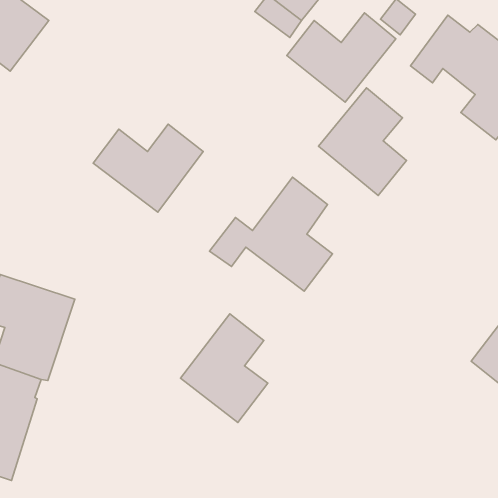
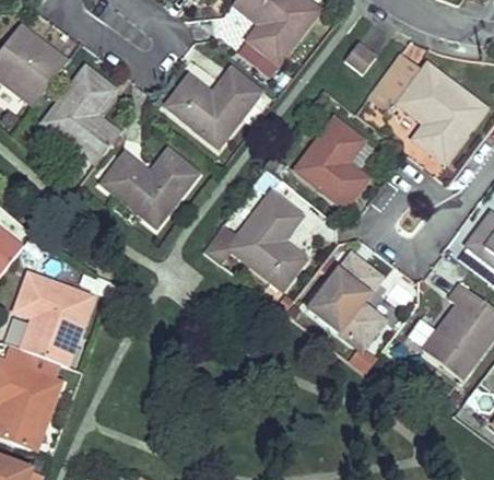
building: [287,13,396,102] -> [167,68,259,143]
building: none -> [44,65,120,161]
building: none -> [308,253,385,350]
building: [180,314,268,422] -> none

